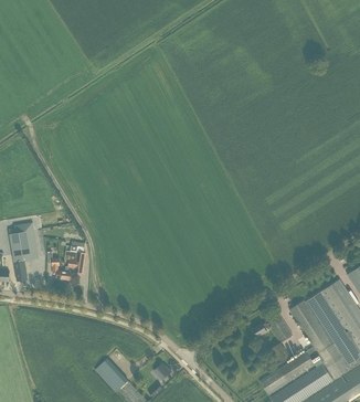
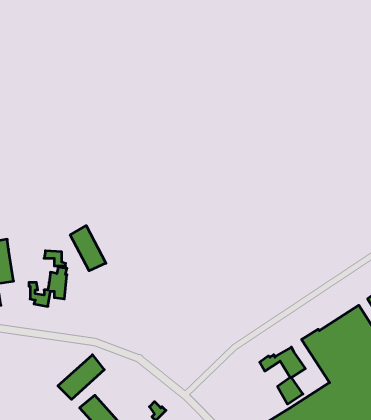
building: none -> [70,226,106,271]
building: none -> [58,355,104,399]

